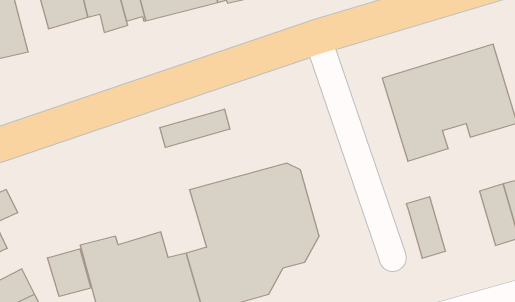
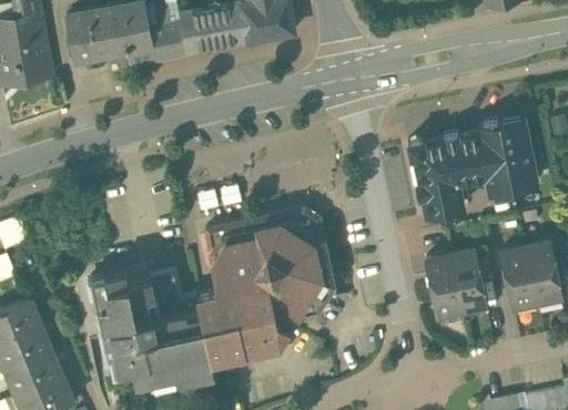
building: [160,109,230,148] -> none
building: none -> [449,252,485,312]
building: [47,249,91,296] -> none

